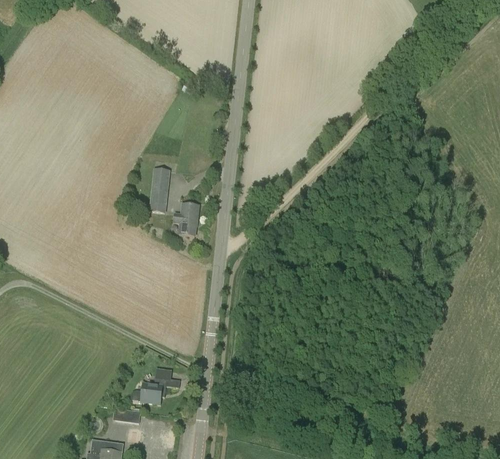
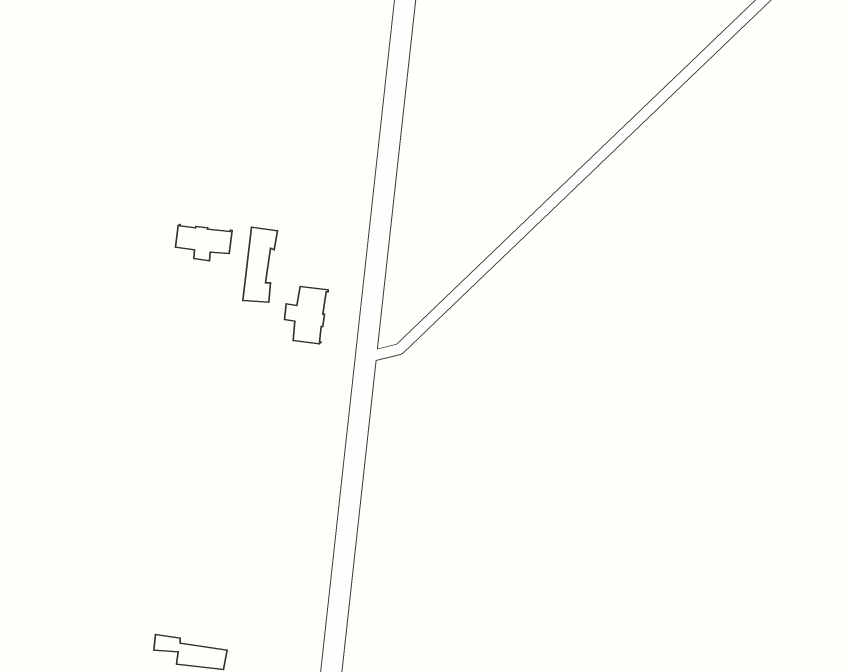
building: none -> [176,224,232,261]
building: [130,378,180,404] -> none

